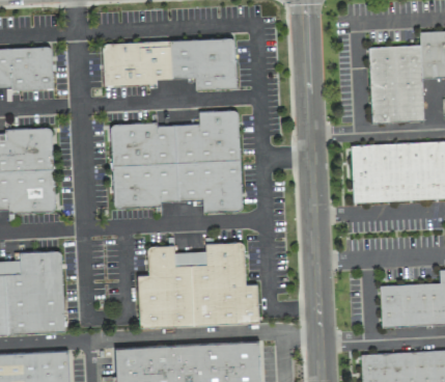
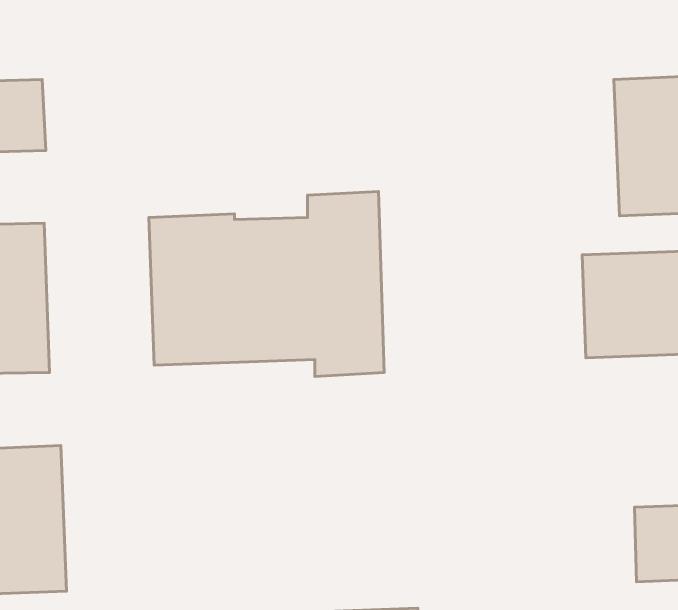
building: [103,38,237,89] -> none
building: [138,242,259,327] -> none

